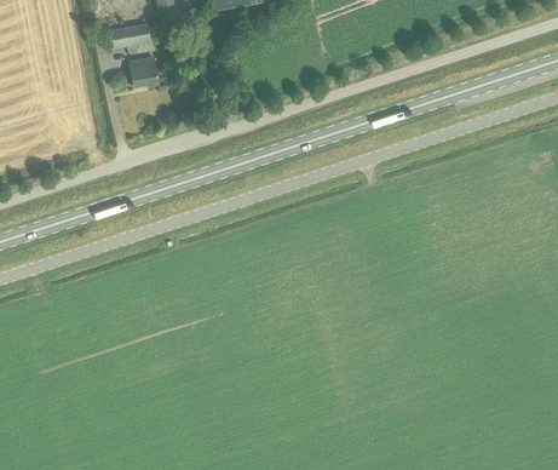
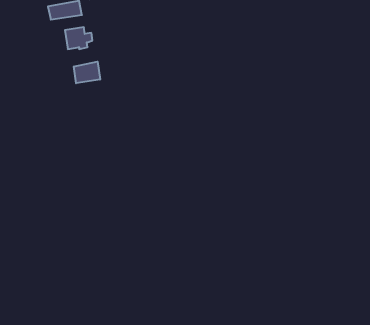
building: none -> [74,62,100,83]

